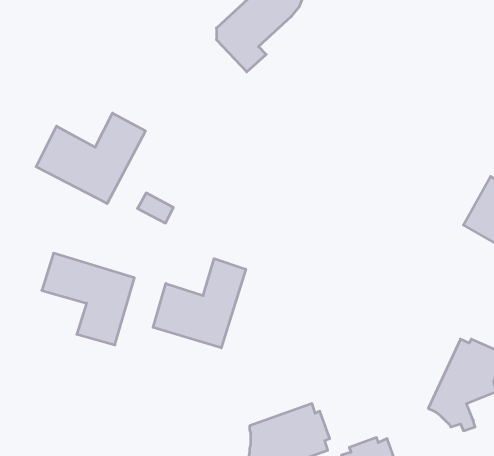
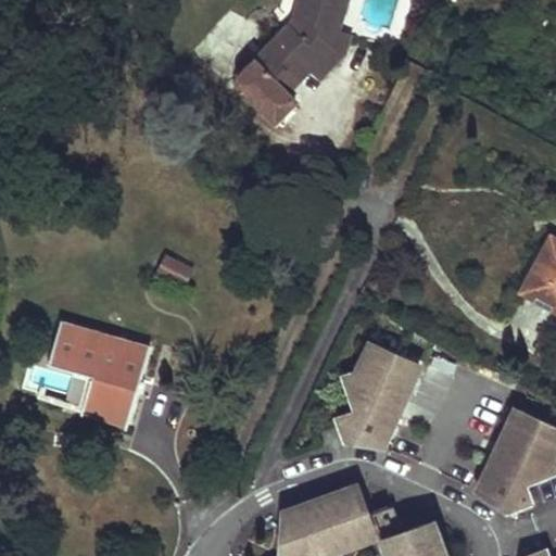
building: [36,113,145,204] -> none
building: [153,259,246,348] -> none
building: none -> [341,349,418,448]

